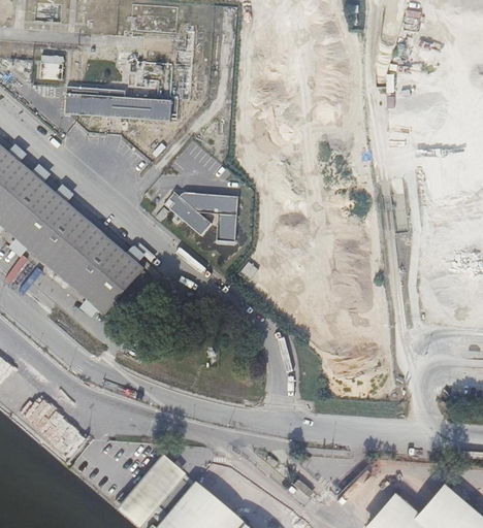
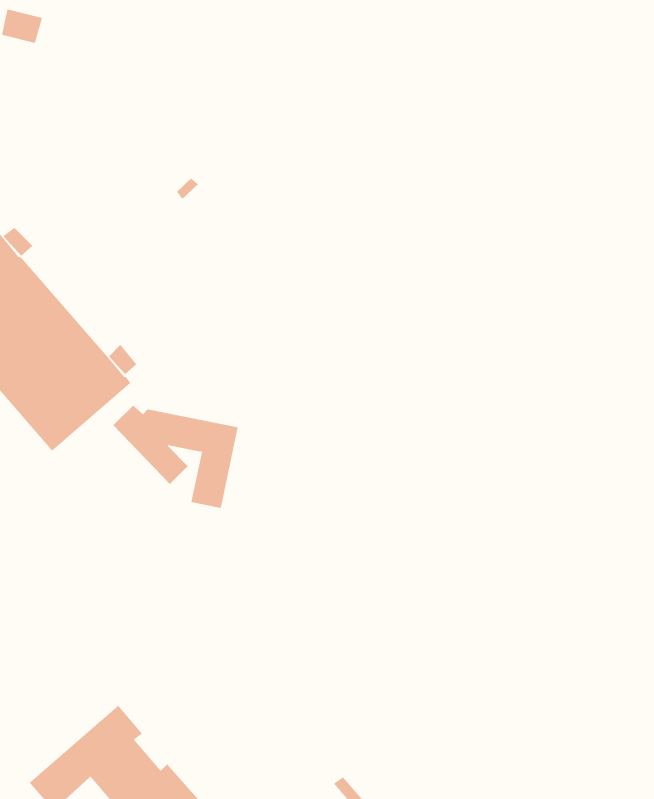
building: [64,86,170,121] -> none
building: [164,193,237,245] -> [113,405,239,508]

